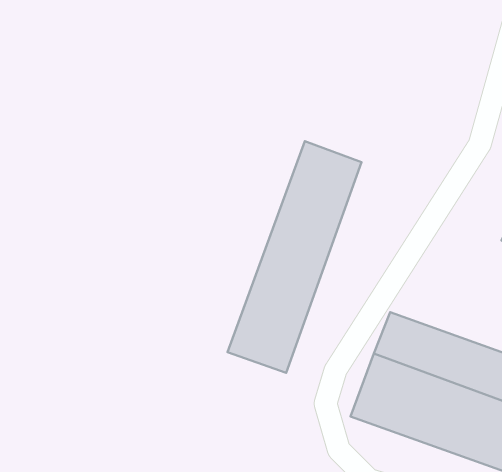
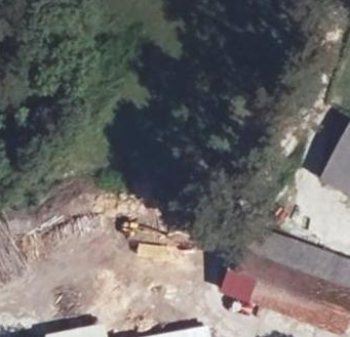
building: [227,141,361,373] -> none

